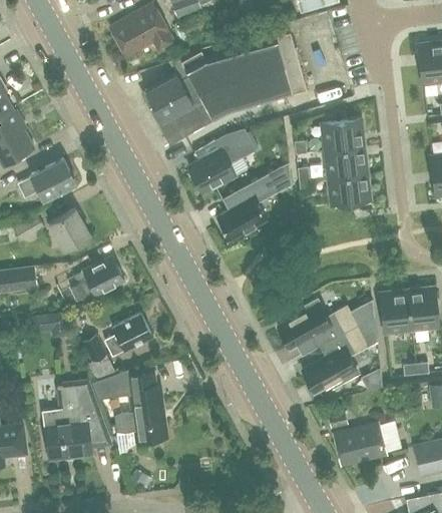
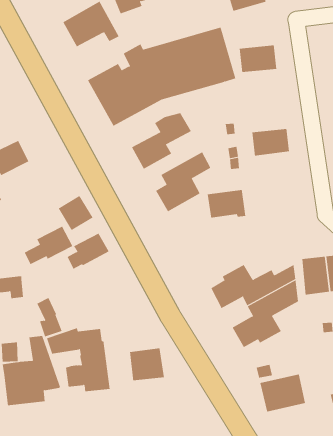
building: [321,120,364,151] -> [239,45,277,73]
building: [327,173,371,205] -> [207,190,246,218]
building: [48,209,88,249] -> [58,195,93,231]
building: [104,315,152,356] -> [67,233,110,269]
building: none -> [130,347,165,381]

